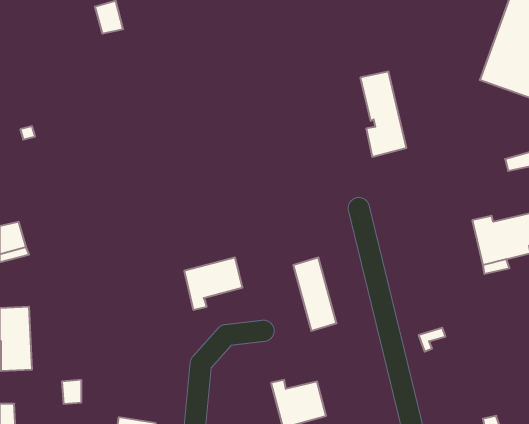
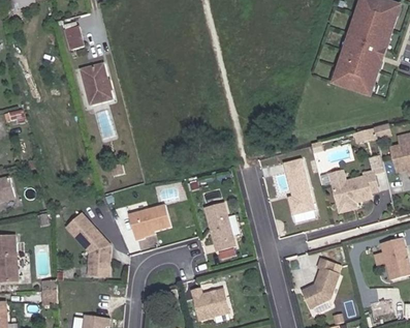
building: none -> [83,63,113,102]
building: [360,72,406,157] -> [282,157,314,216]
building: none -> [63,210,109,274]
building: none -> [303,256,342,307]

